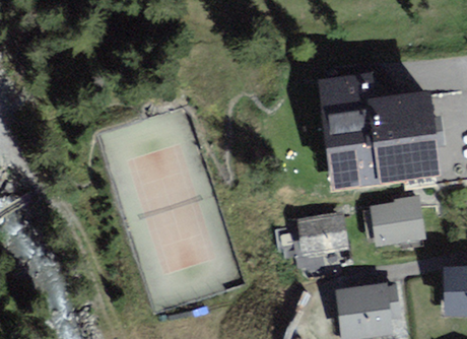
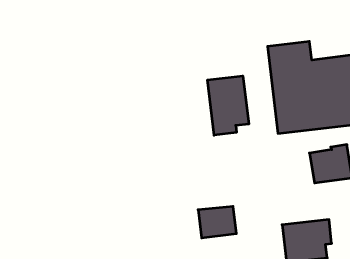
building: none -> [208,76,249,135]
building: [301,216,346,254] -> [198,206,236,238]

